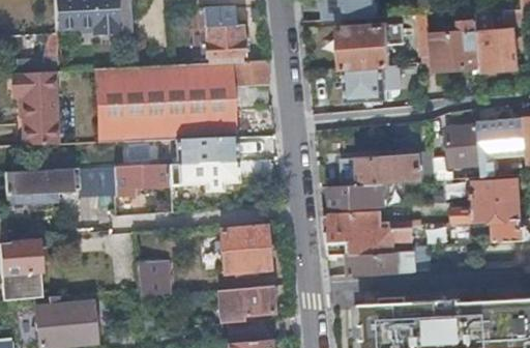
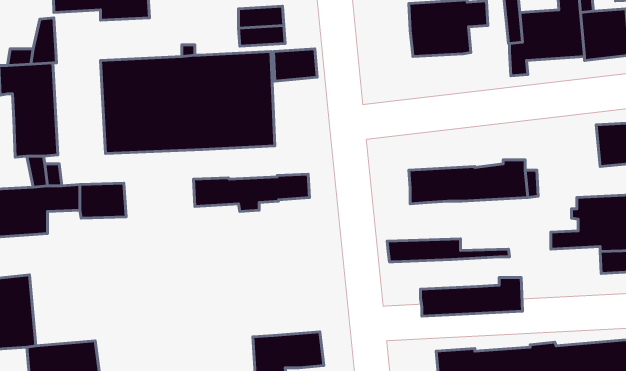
building: [344,63,400,102] -> none
building: [447,123,481,165] -> none
building: [175,138,235,165] -> none
building: [112,165,165,196] -> none
building: [329,182,385,207] -> none
building: [328,227,414,253] -> none
building: [218,228,268,278] -> none
building: [136,260,171,297] -> none

